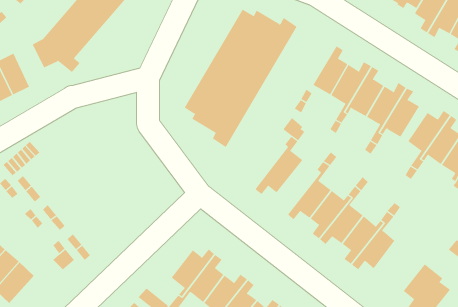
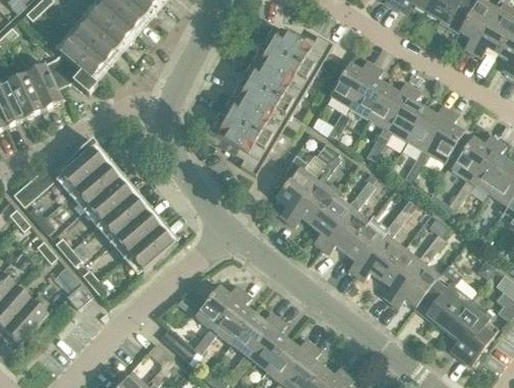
building: none -> [330,60,375,108]
building: none -> [25,64,63,110]
building: none -> [56,140,174,272]
building: none -> [276,156,322,221]
building: none -> [310,195,357,248]
building: none -> [419,266,470,331]

